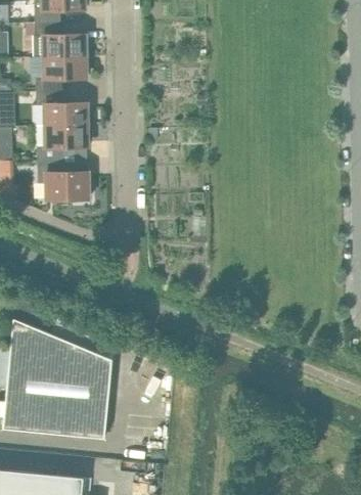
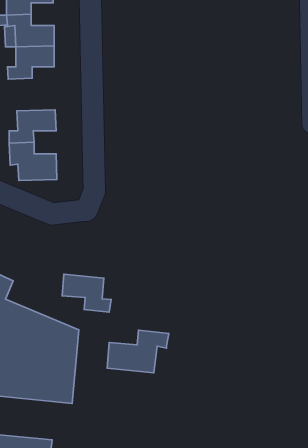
building: [37,91,87,126] -> none
building: none -> [62,274,111,312]
building: none -> [107,330,169,373]

